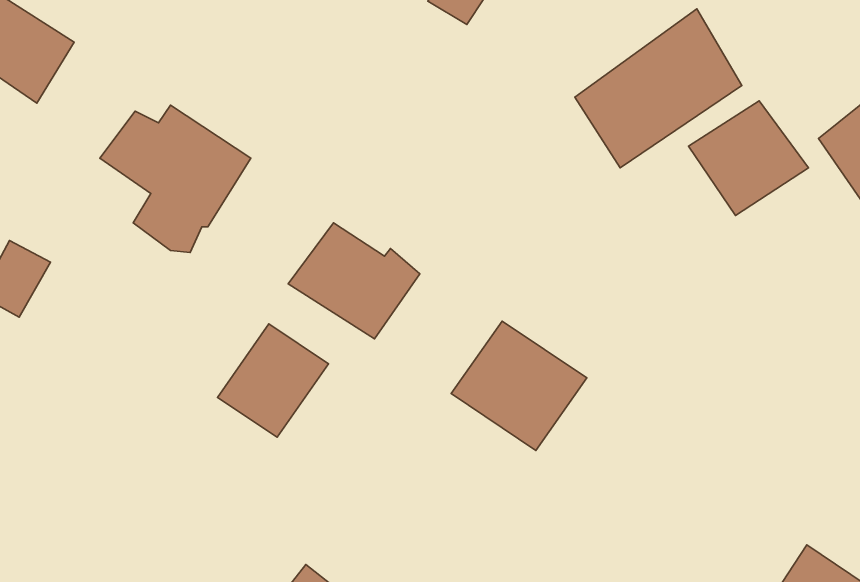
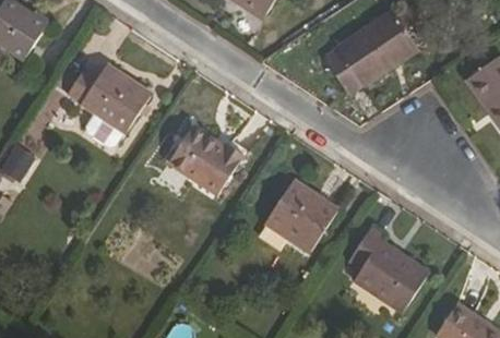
building: [688,101,808,216] -> none
building: [218,324,328,437] -> none
building: none -> [347,225,427,313]

